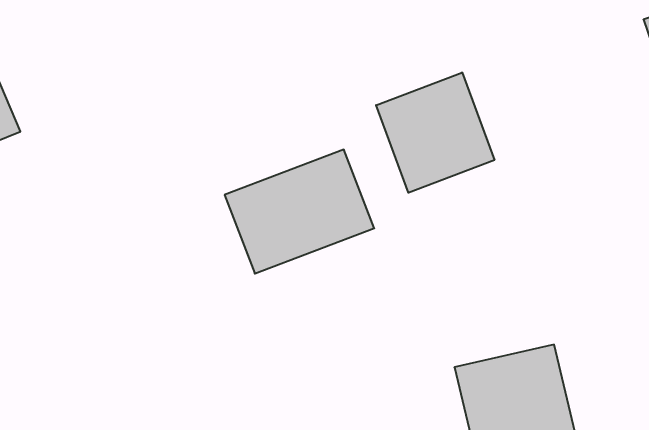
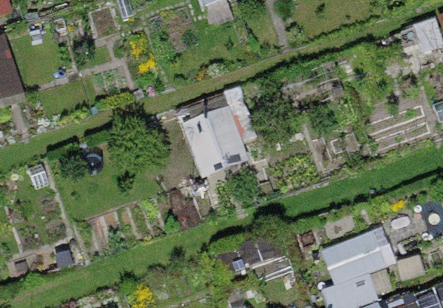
building: [376,72,494,193] -> none

